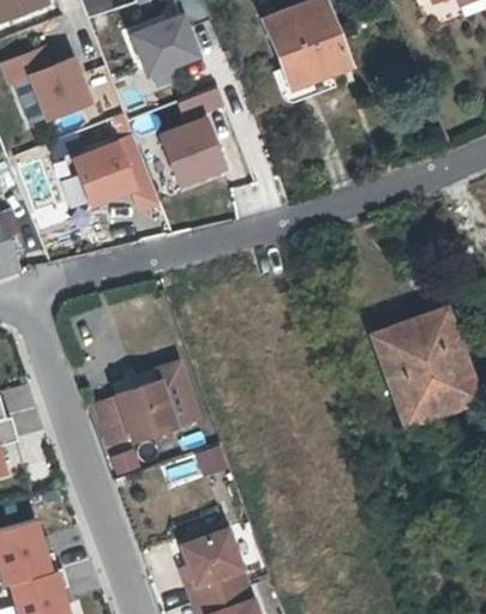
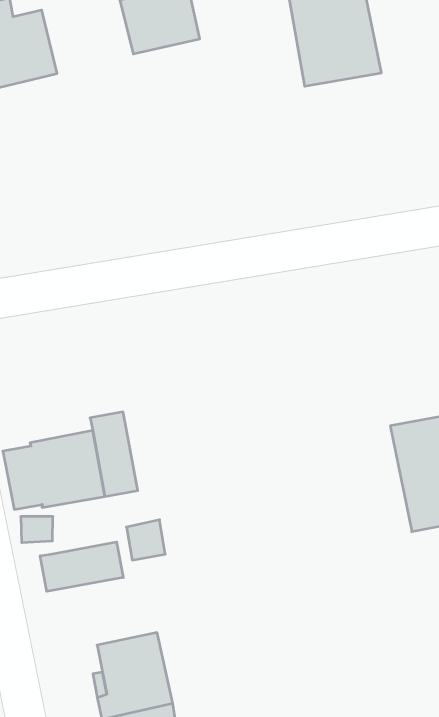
building: [158,112,227,183] -> none
building: [66,139,132,209] -> none
building: none -> [40,542,123,591]

